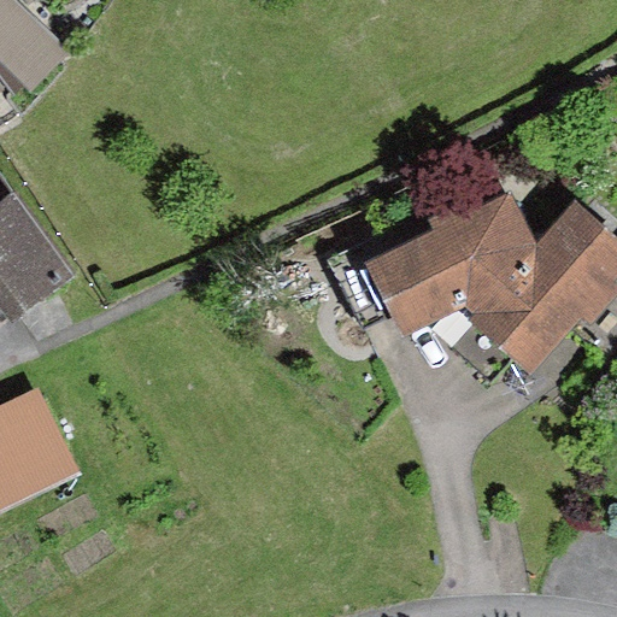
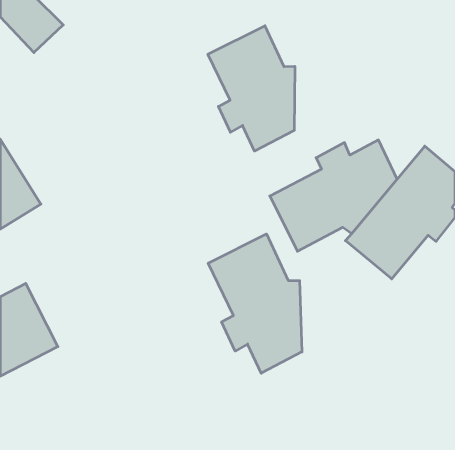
building: none -> [208,26,295,151]
building: none -> [208,234,302,373]

